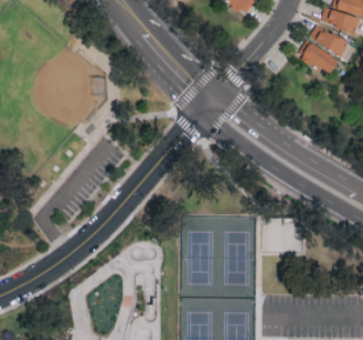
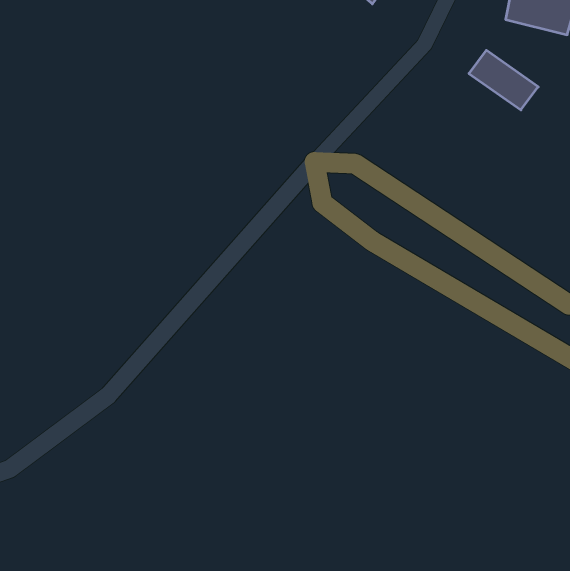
building: [308,23,348,55] -> none

